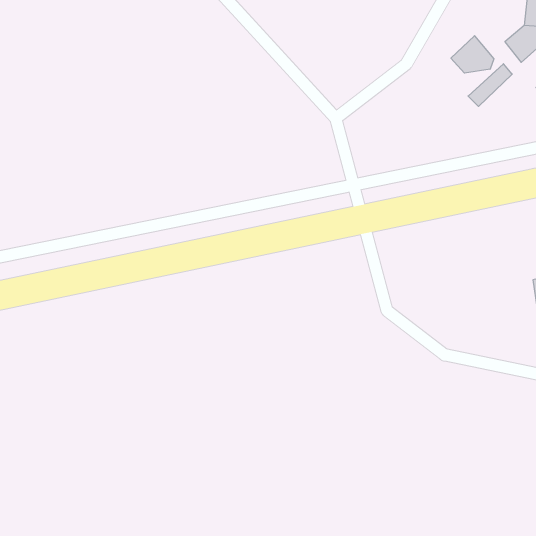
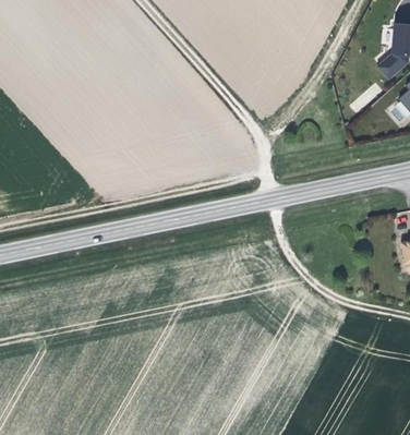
building: [451,36,494,73] -> none

